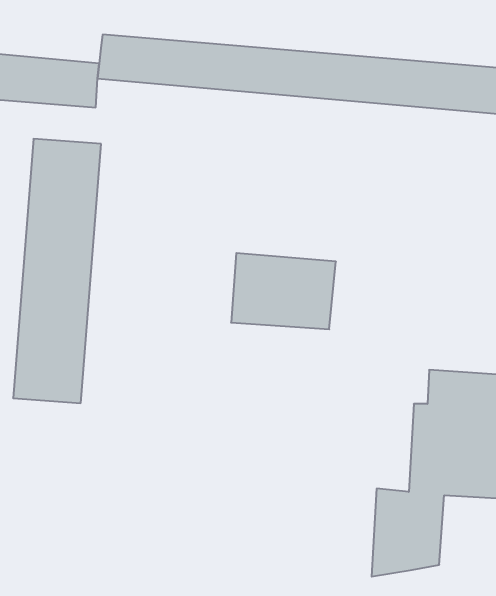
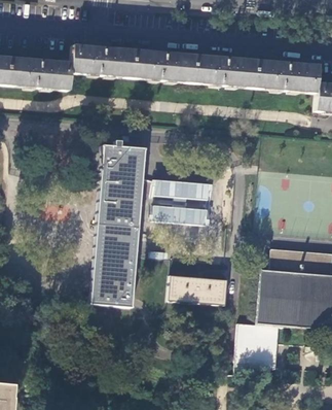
building: [13,139,101,403] -> [91,144,145,305]
building: none -> [170,274,227,304]

